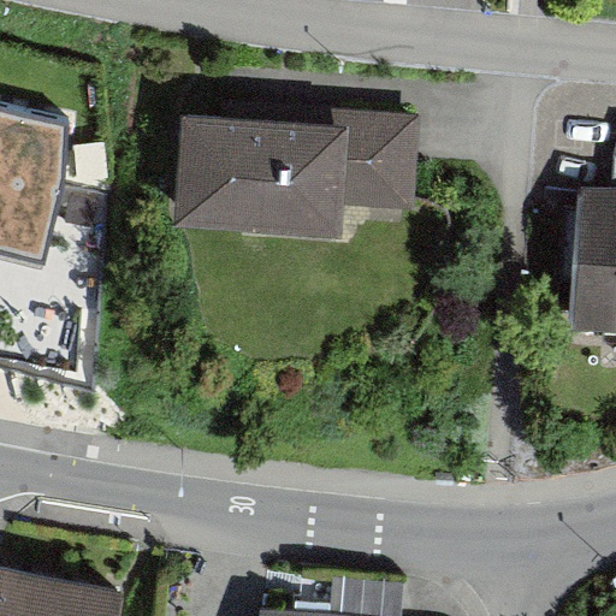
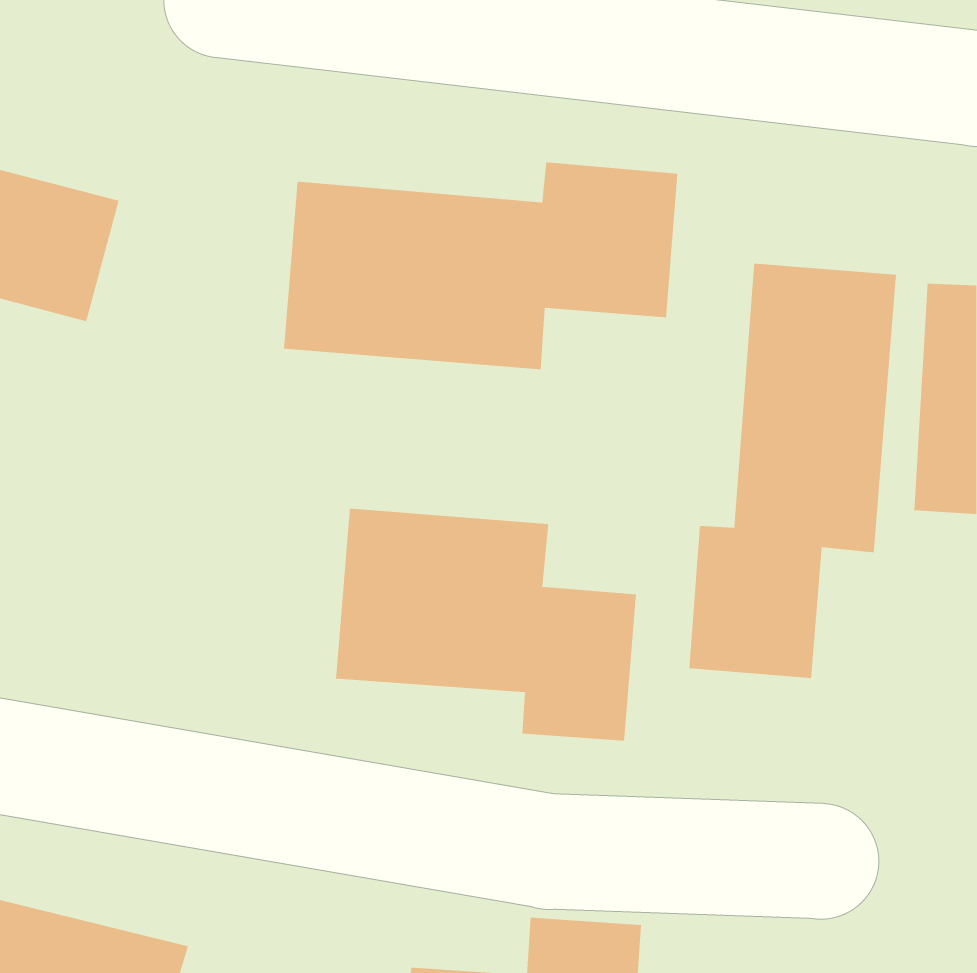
building: none -> [689,263,896,679]
building: none -> [336,508,636,742]

